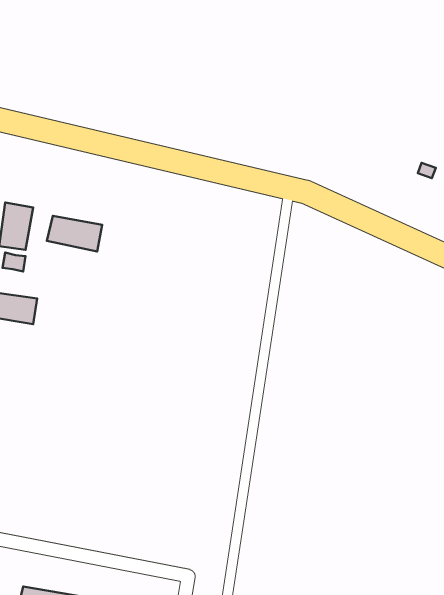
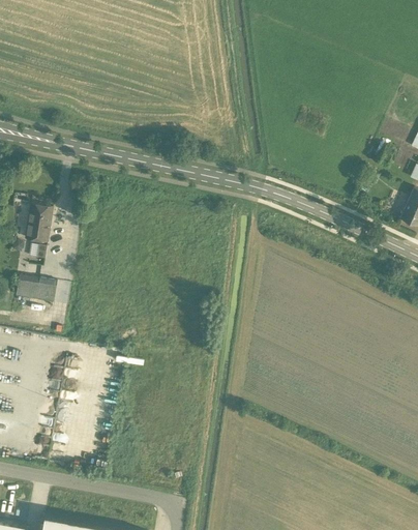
building: [47,216,102,251] -> none

